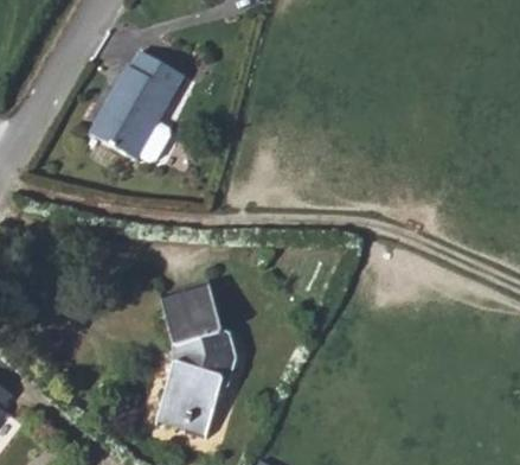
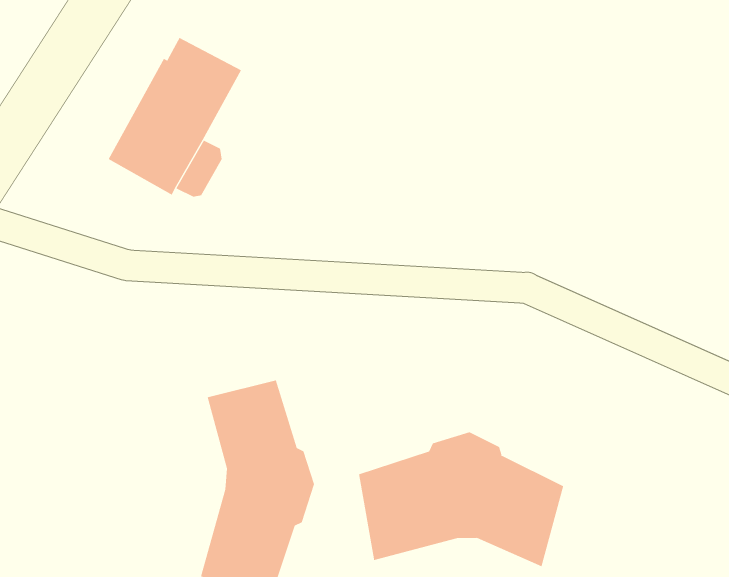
building: none -> [359,431,564,567]

